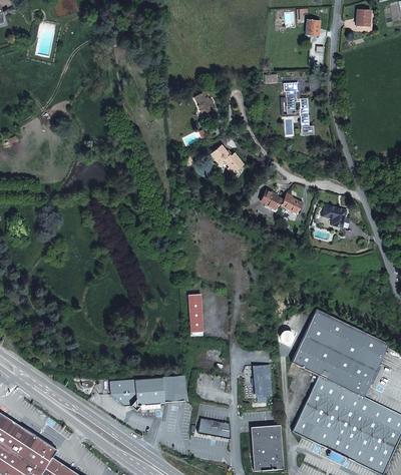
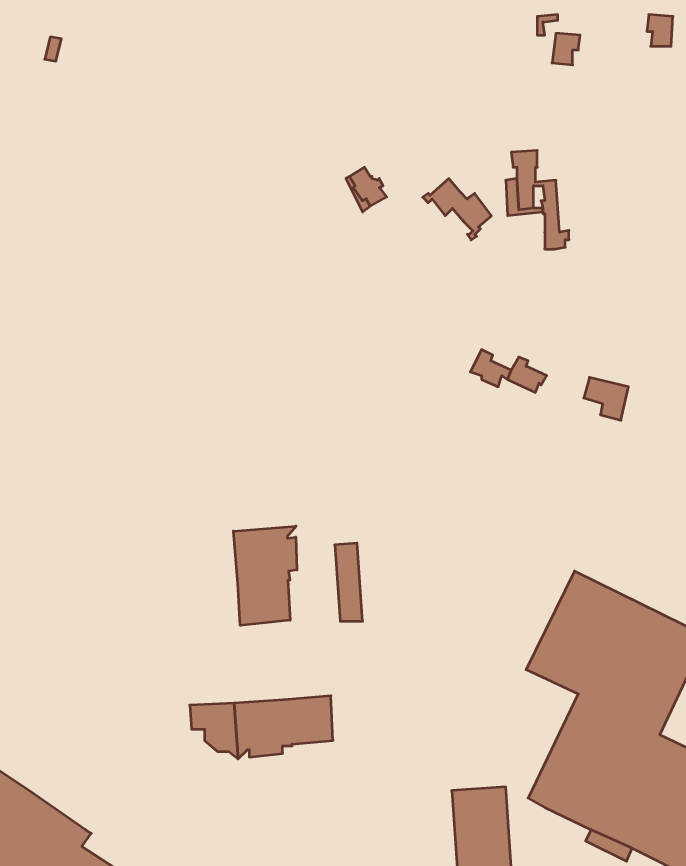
building: [207,144,244,177] -> [423,179,491,240]
building: none -> [233,526,297,625]
building: [254,365,271,397] -> none
building: [197,418,230,439] -> none

